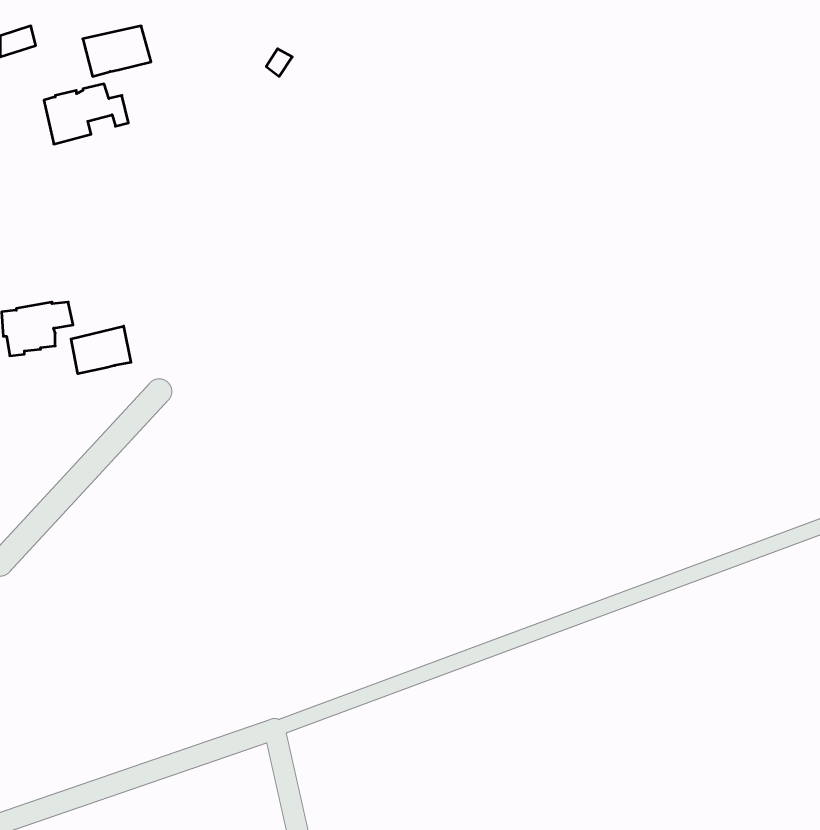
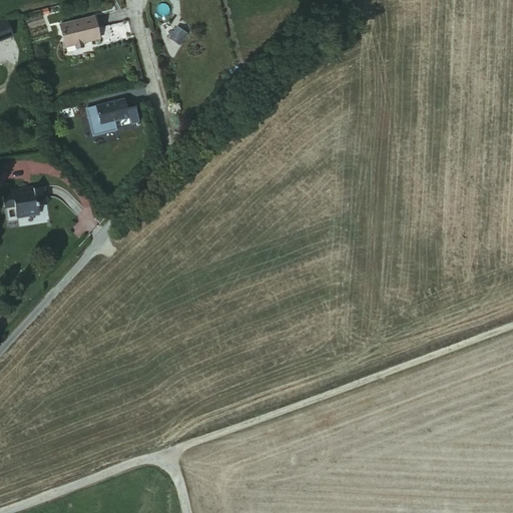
building: [44,84,128,144] -> [87,98,139,135]
building: [71,326,131,374] -> none

